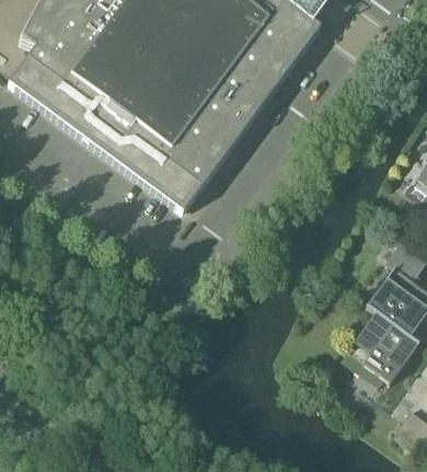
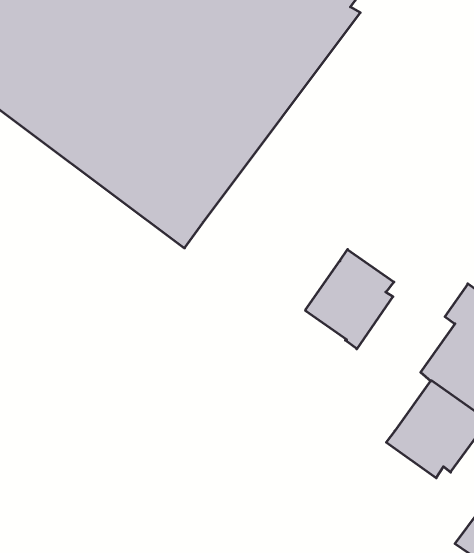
building: none -> [306,249,394,349]

